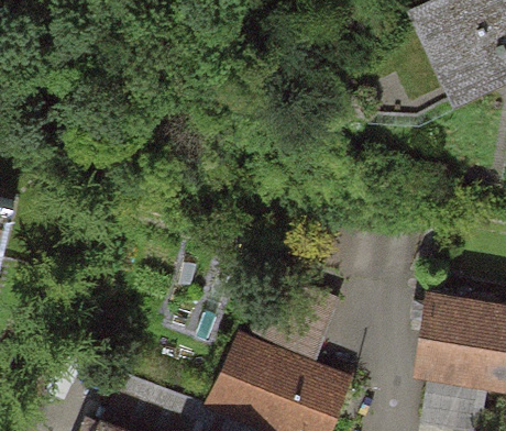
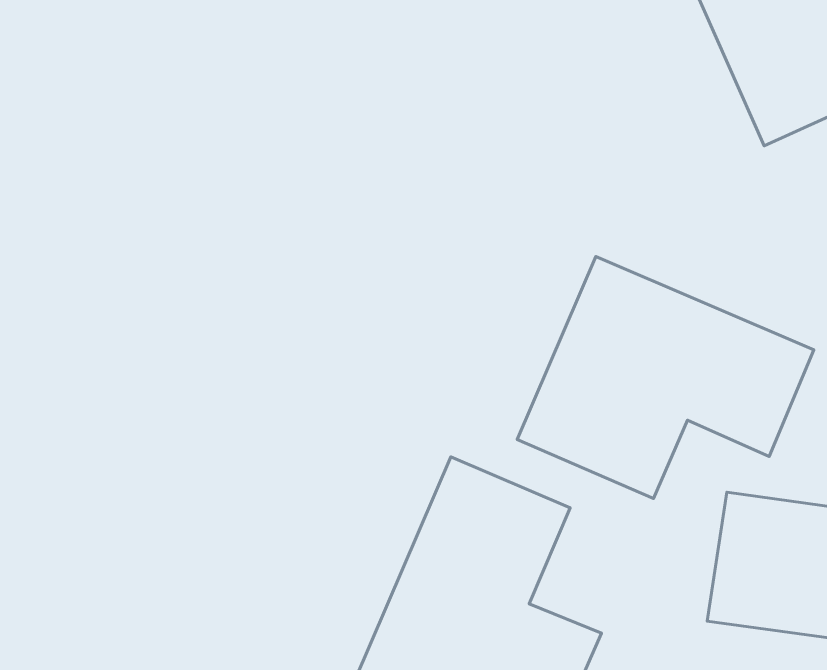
building: none -> [517,257,814,499]

